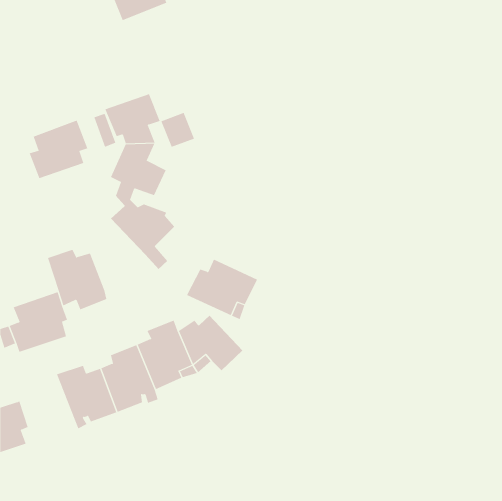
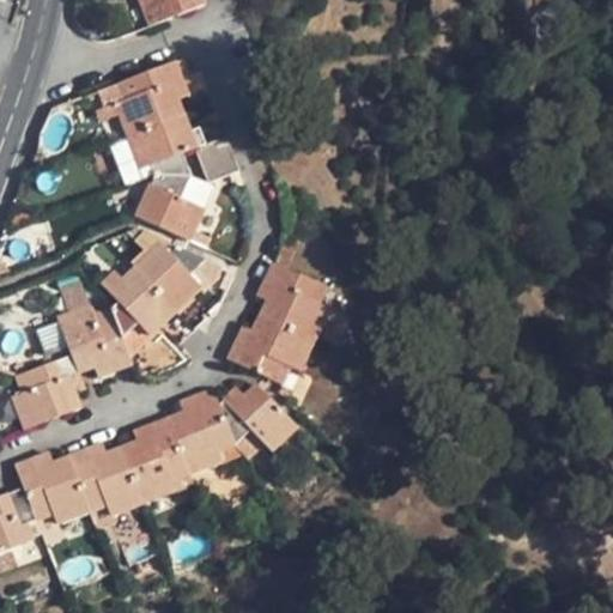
building: [29,120,88,179] -> [115,61,187,133]
building: none -> [257,263,328,340]
building: none -> [102,266,193,353]
building: none -> [13,451,90,523]

